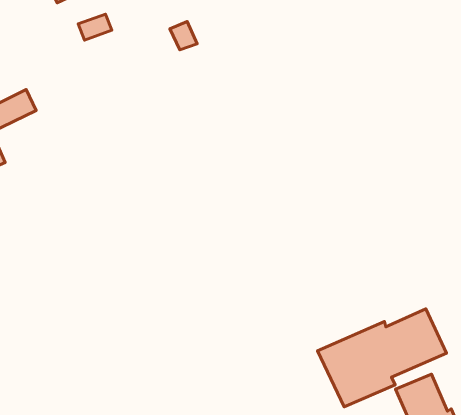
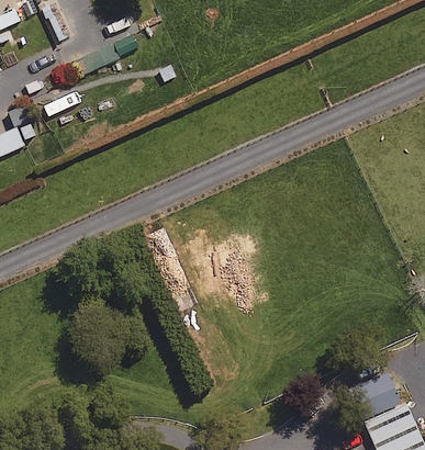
building: [318,309,446,407] -> none

